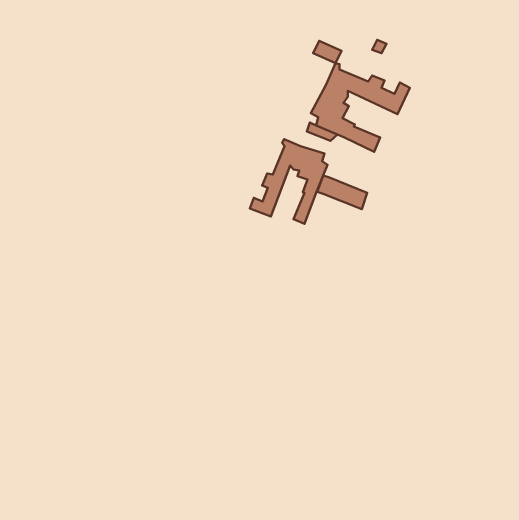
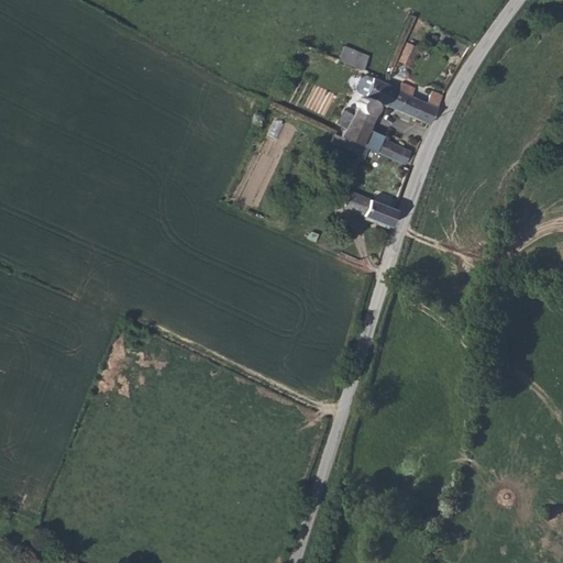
building: [250,139,328,224] -> none

